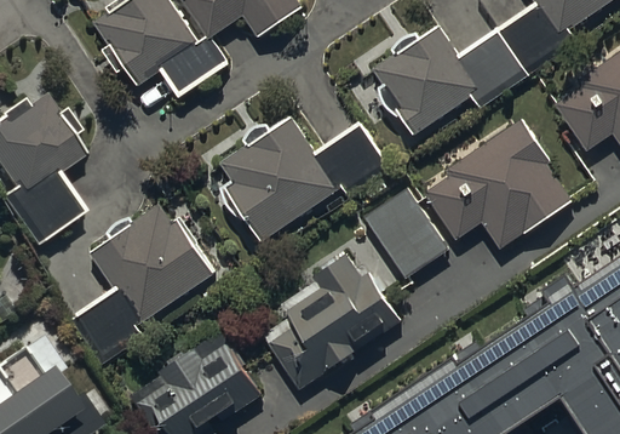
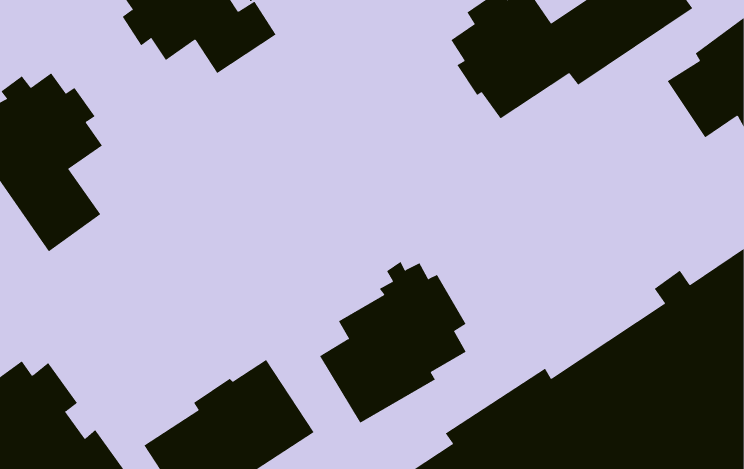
building: [220,119,391,244] -> none
building: [425,121,572,250] -> none
building: [364,188,449,280] -> none
building: [75,204,216,365] -> none

